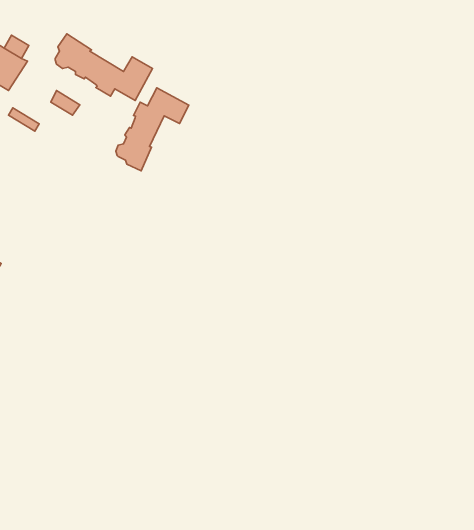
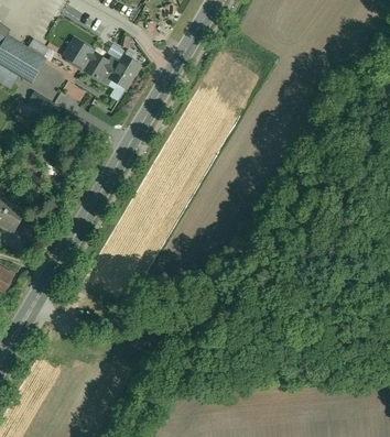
building: [116,88,189,171] -> none

